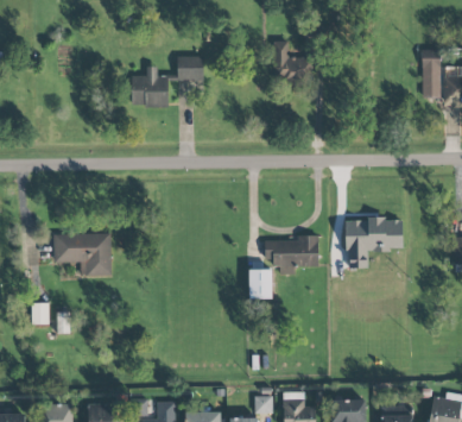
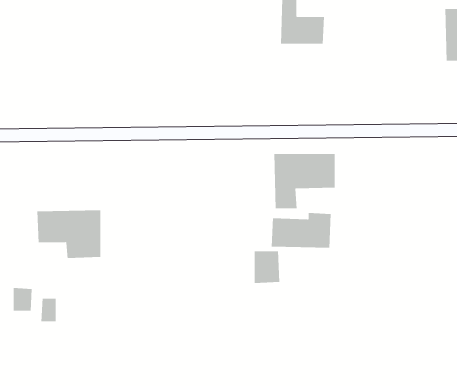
building: [177,56,204,80] -> none
building: [133,65,169,106] -> none
building: [347,218,403,267] -> [274,153,336,209]

